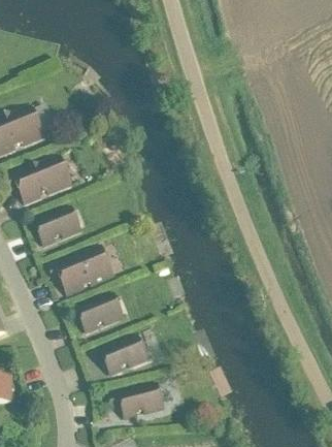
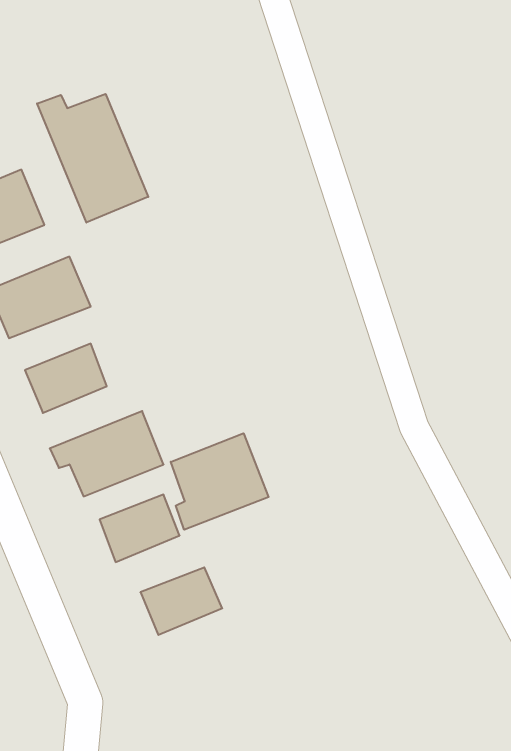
building: none -> [37,94,148,223]
building: none -> [171,433,269,530]
building: [107,383,164,418] -> none

